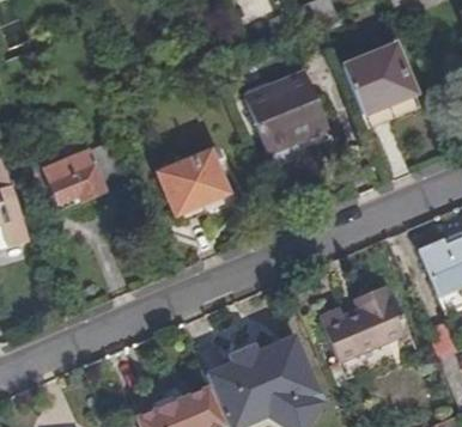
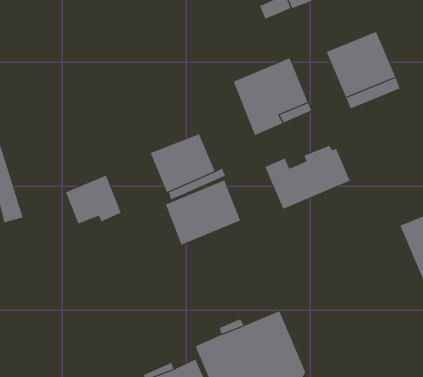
building: [45,150,104,201] -> [65,175,122,224]
building: none -> [165,180,241,245]
building: [318,292,408,359] -> [264,145,351,209]

